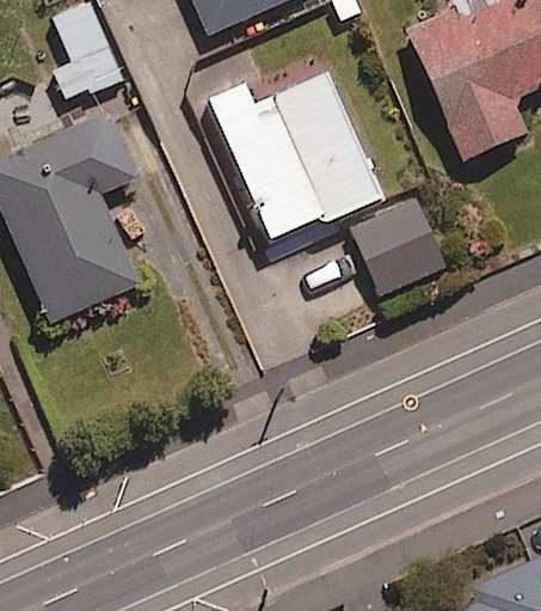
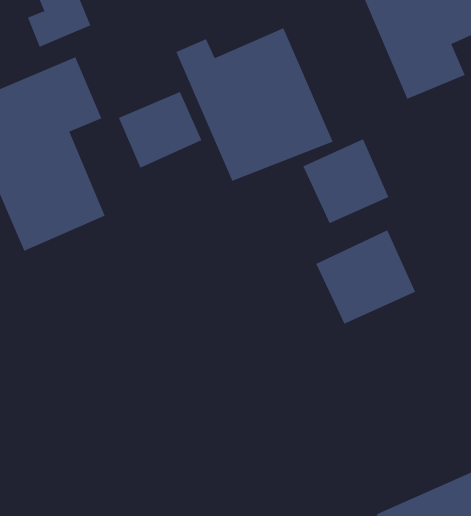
building: none -> [118,91,202,168]
building: none -> [316,230,416,325]

